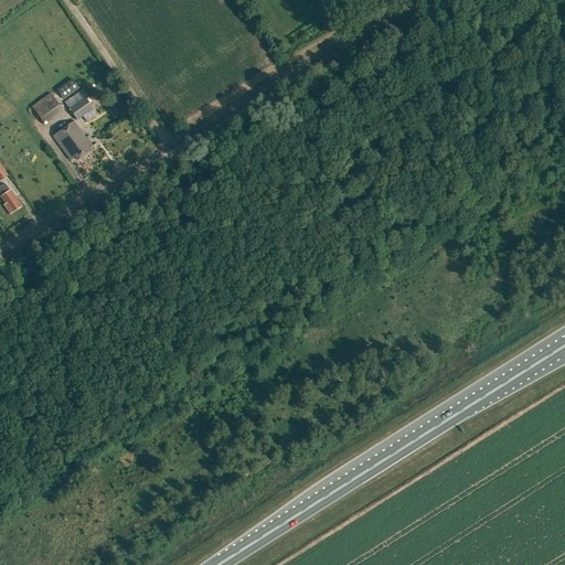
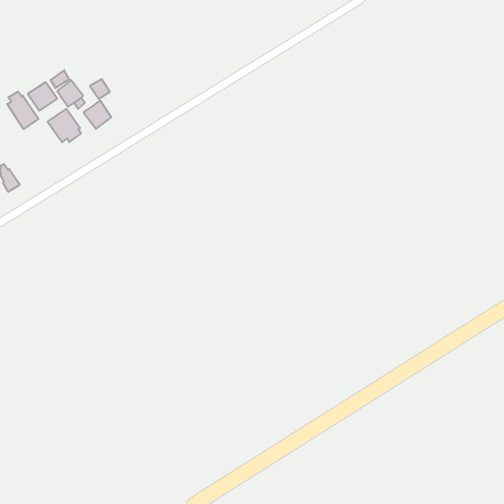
building: none -> [7,92,38,129]
building: none -> [84,101,111,129]

